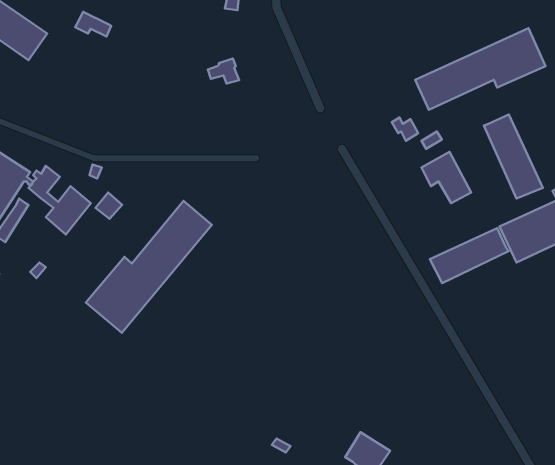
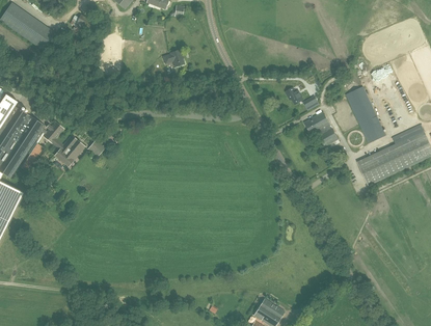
building: [415,28,545,110] -> none
building: [86,201,212,333] -> none
building: [430,228,508,283] -> none

